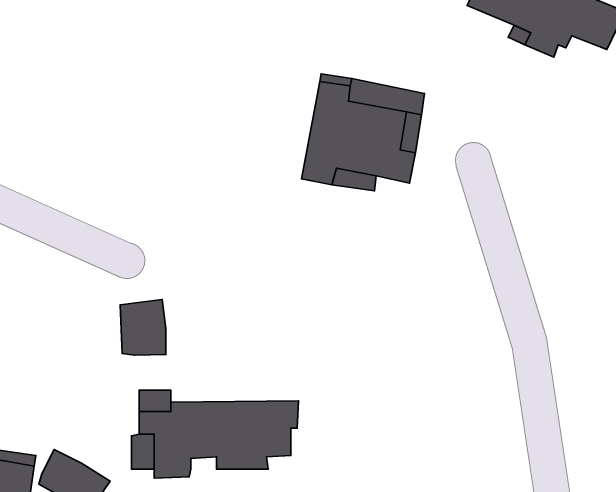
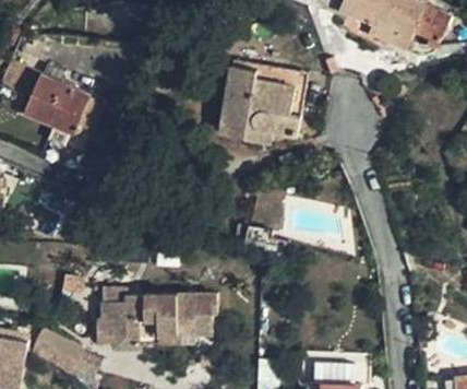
building: none -> [23,74,88,133]
building: [120,300,166,355] -> none

